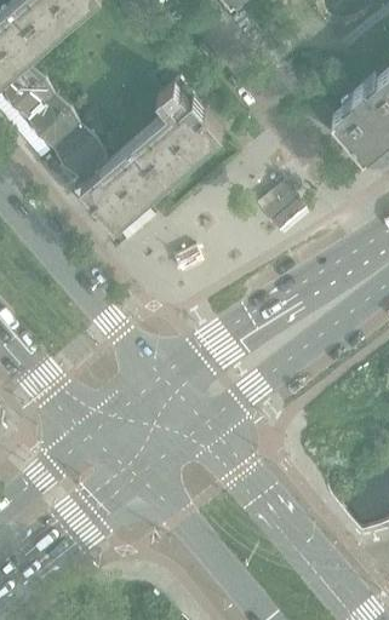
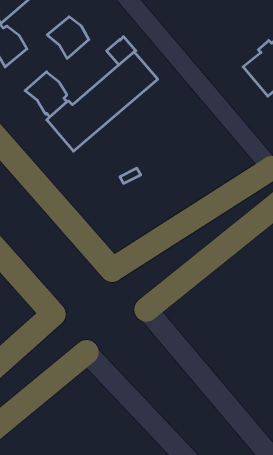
building: [27,94,80,148] -> [47,17,89,58]
building: [257,182,304,230] -> none

